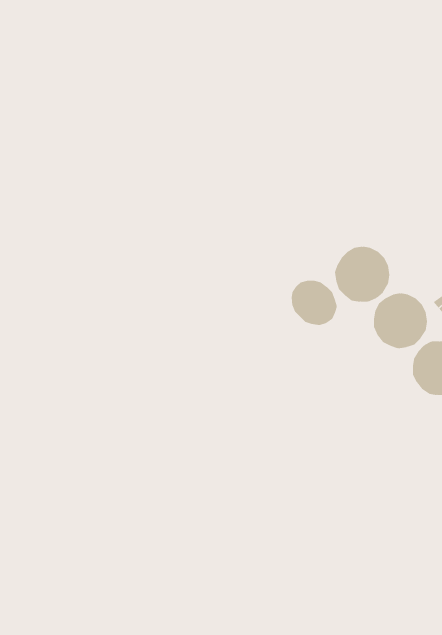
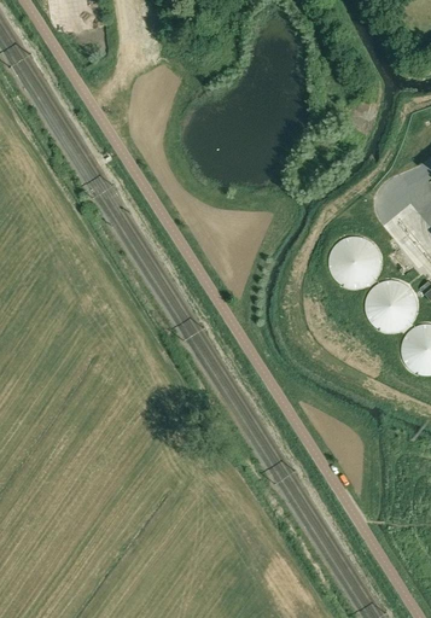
building: [291,280,337,326] -> none

